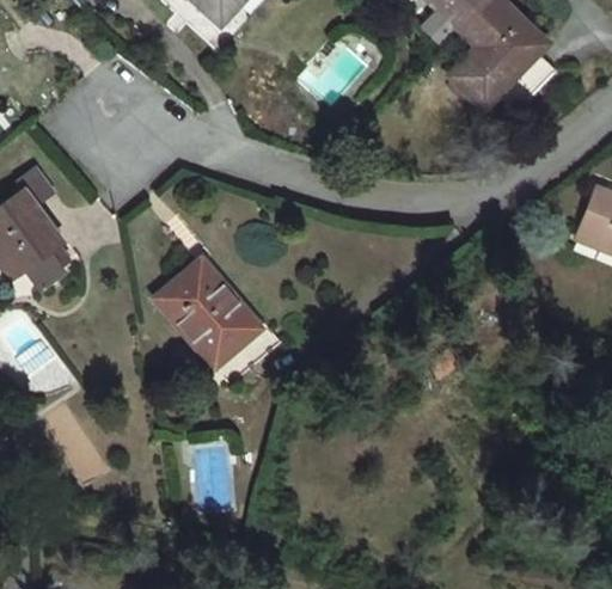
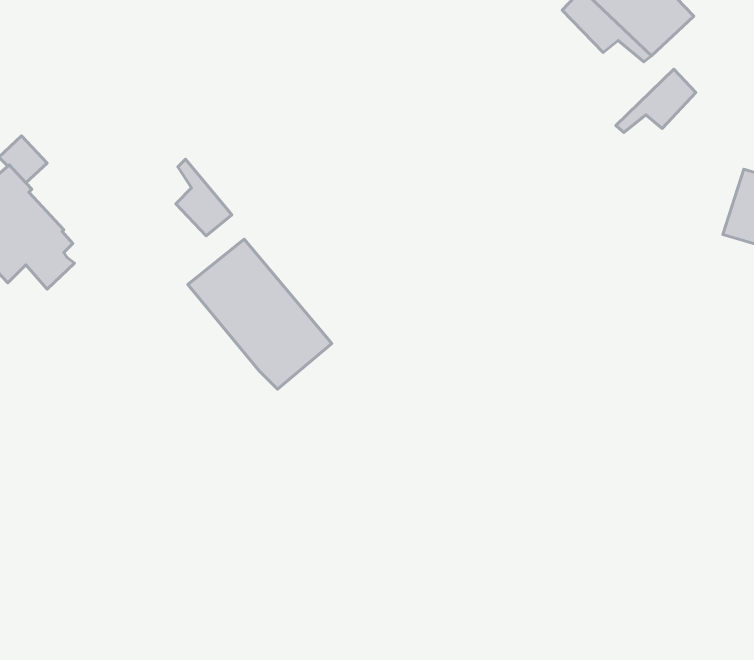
building: none -> [616,69,696,132]
building: none -> [176,159,232,236]

